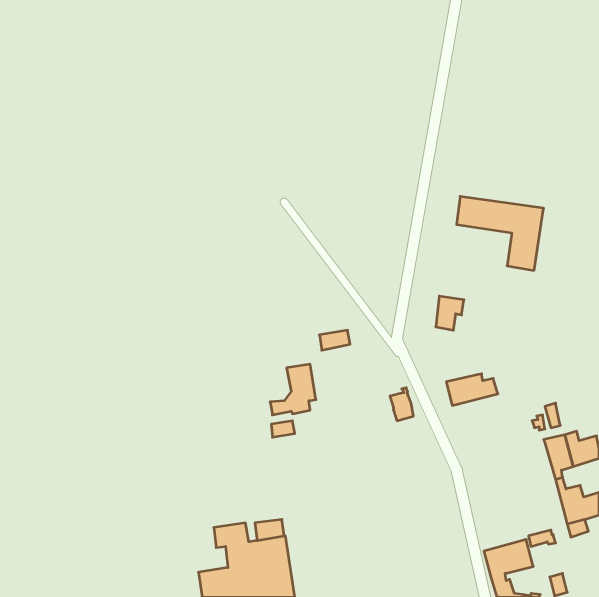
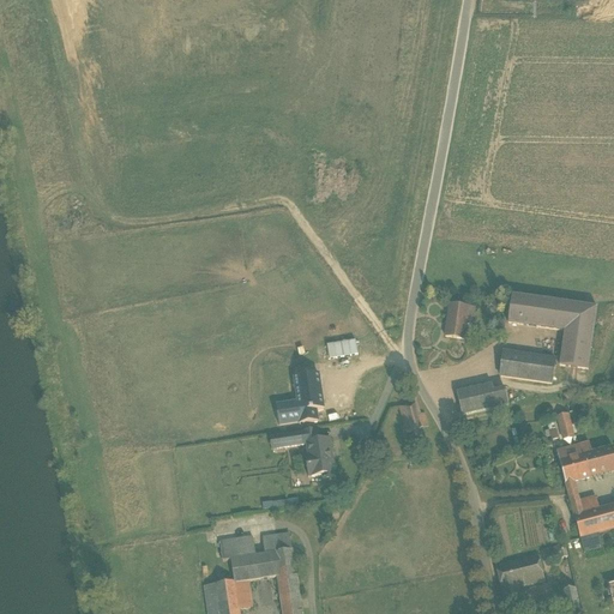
building: [457,196,544,270] -> [507,291,596,367]
building: none -> [500,349,554,381]
building: none -> [305,435,333,476]

